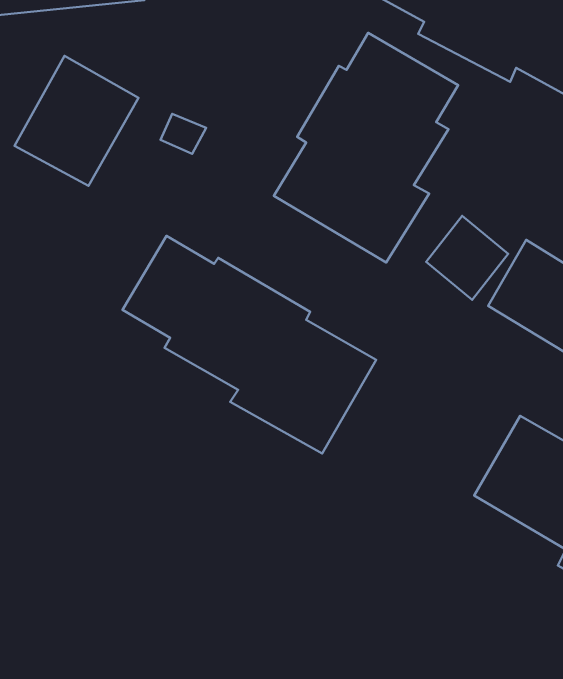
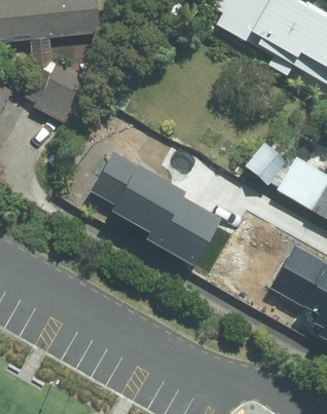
building: [274,33,458,263] -> none

